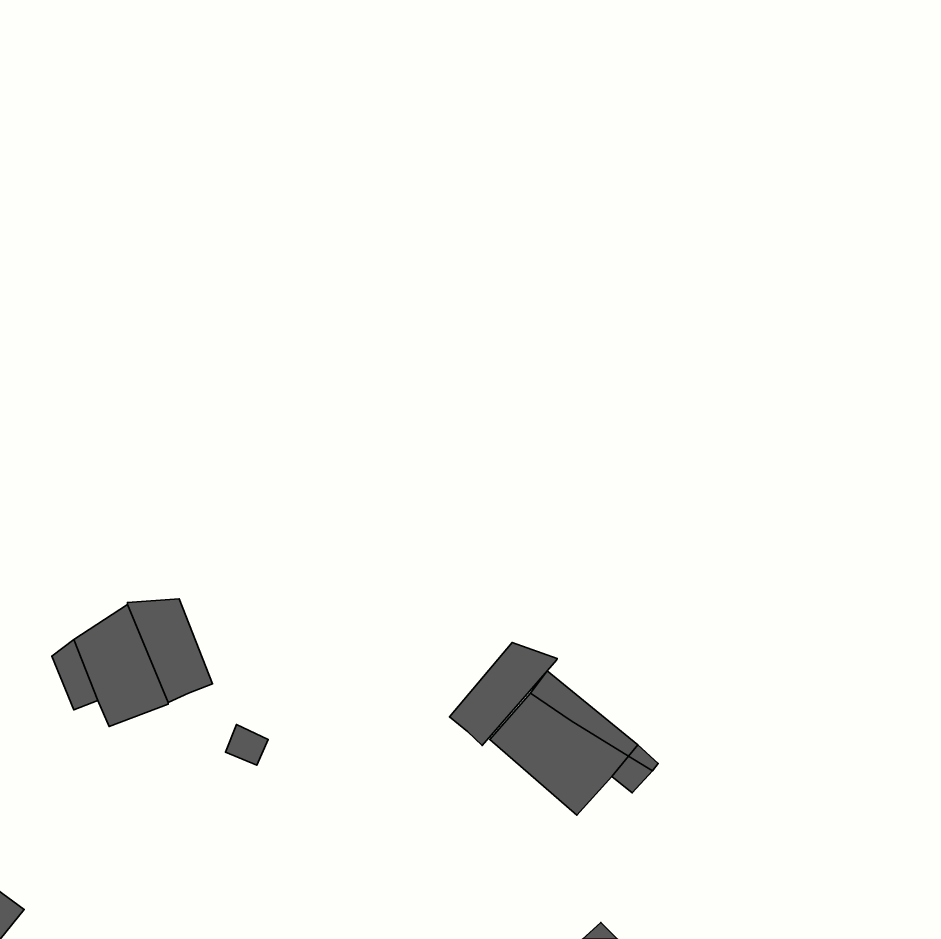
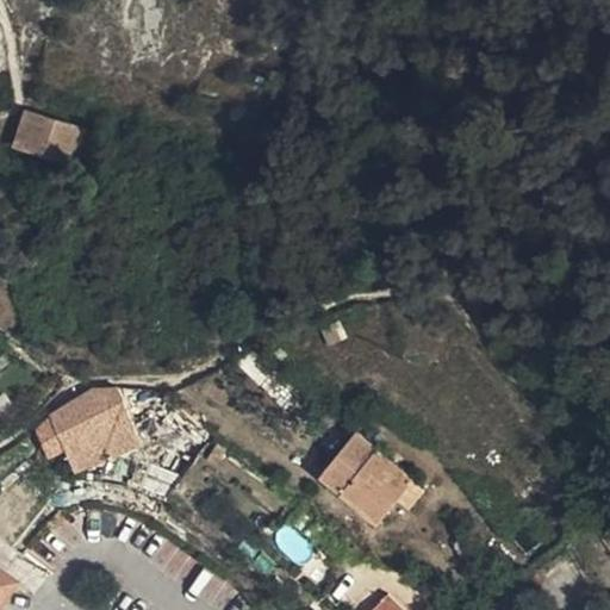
building: none -> [15,112,86,172]
building: [449,642,557,745] -> none

